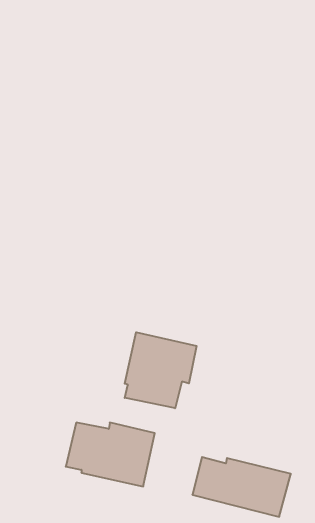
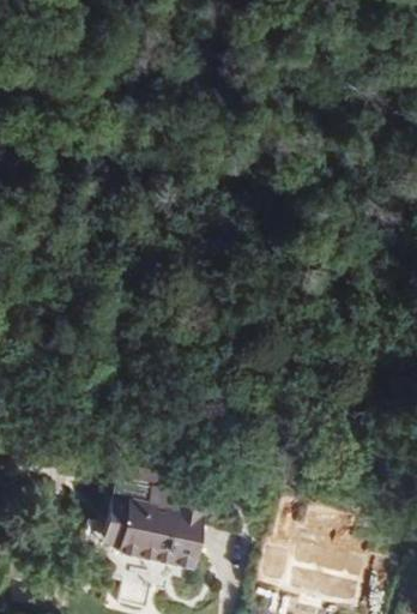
building: [125,332,197,408] -> none

